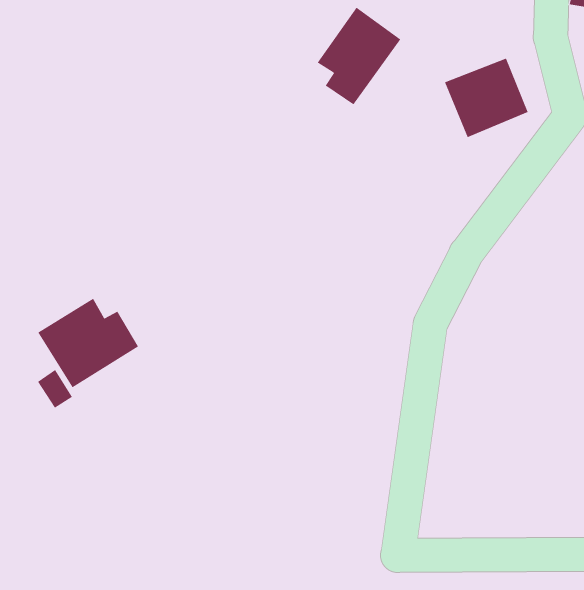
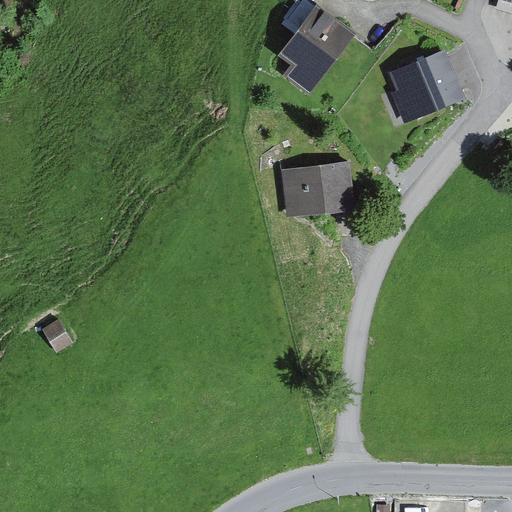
building: none -> [282,160,353,216]
building: [37,298,139,388] -> none

